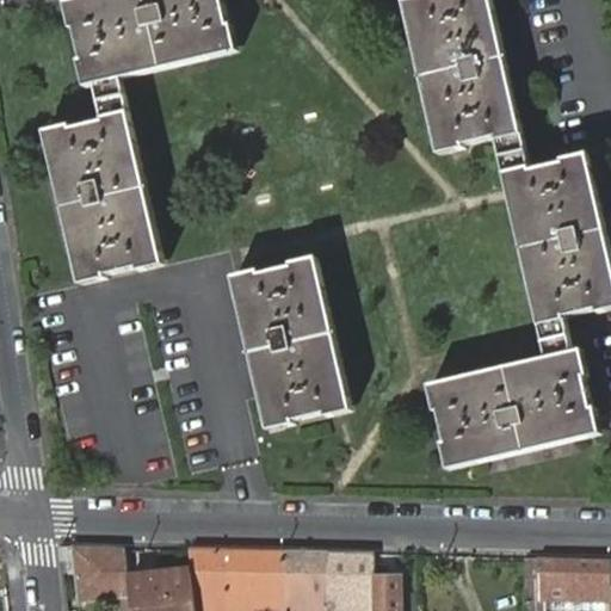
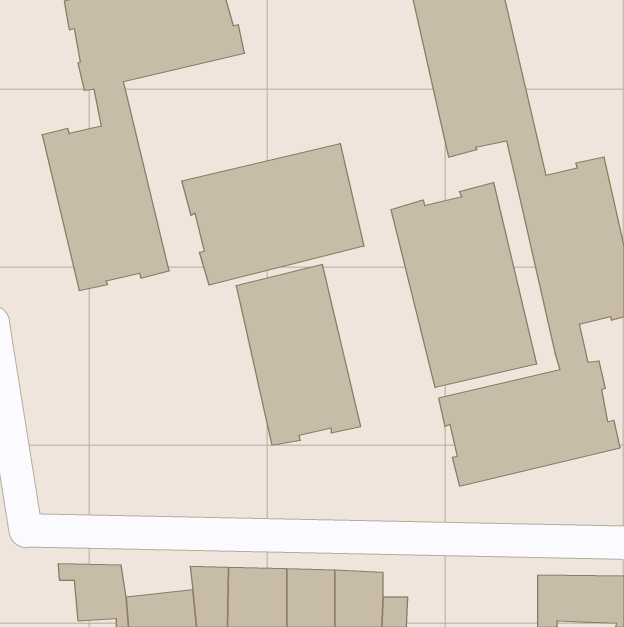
building: none -> [182,143,364,285]
building: none -> [391,182,537,388]

